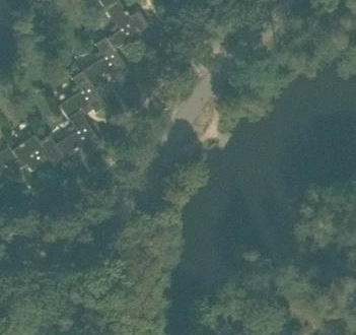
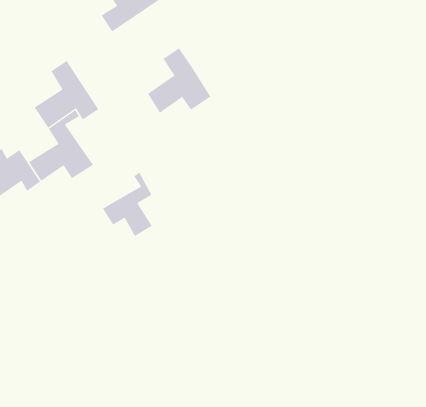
building: [83,36,130,83] -> [147,48,211,113]
building: none -> [102,172,153,237]

